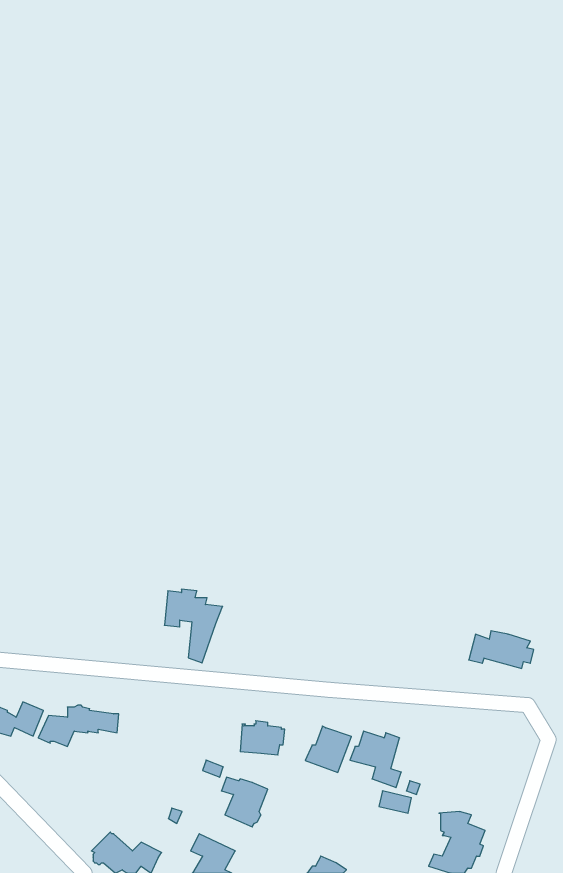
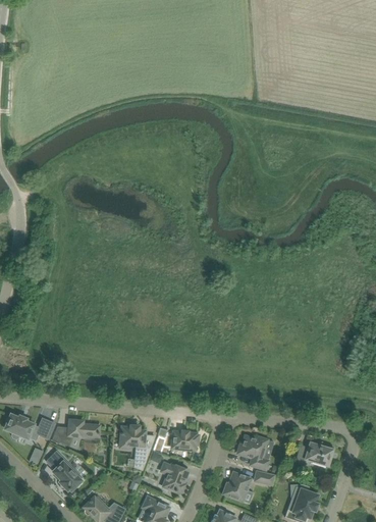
building: [164,589,223,663] -> [119,425,154,469]
building: [469,631,534,668] -> [296,442,334,465]
building: [305,726,351,772] -> [222,472,250,500]
building: none -> [46,451,80,489]

